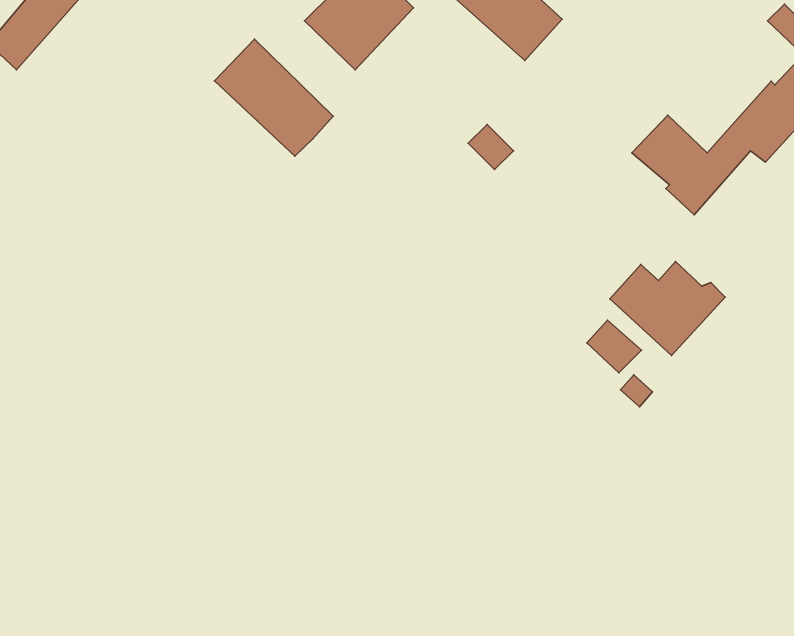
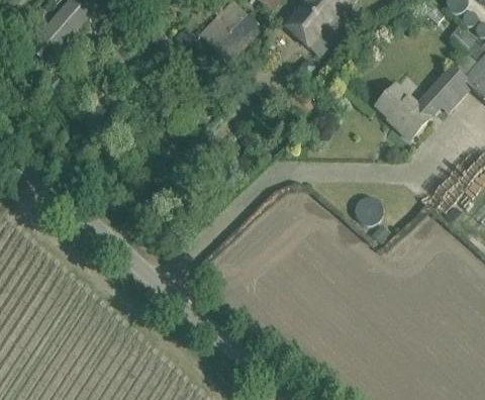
building: [214,39,333,156] -> none
building: [610,262,725,355] -> none

